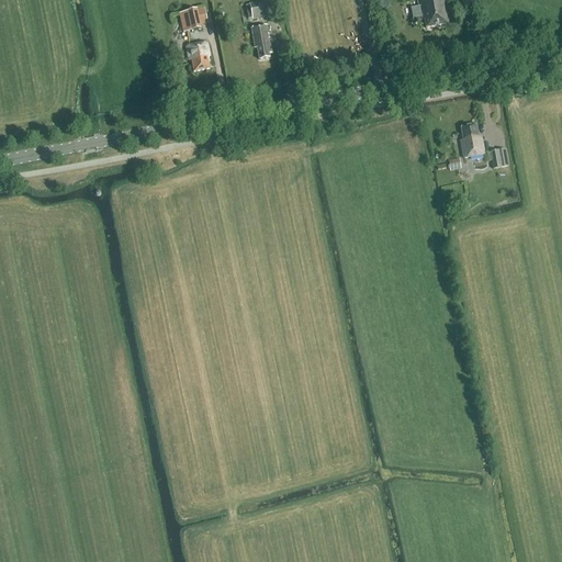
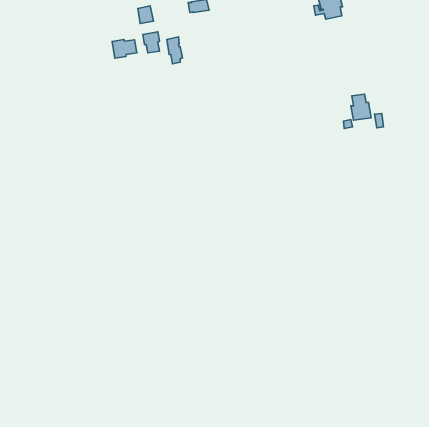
building: [251,23,272,58] -> [167,37,183,64]
building: none -> [112,39,137,58]

